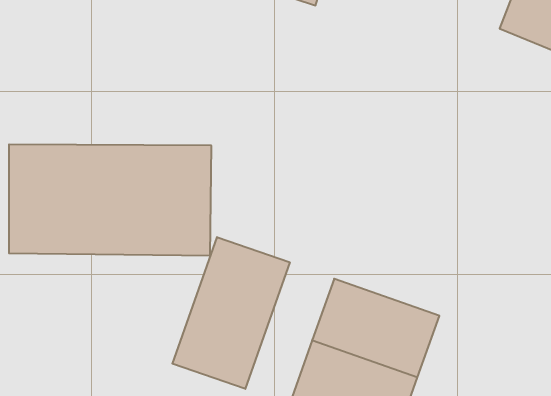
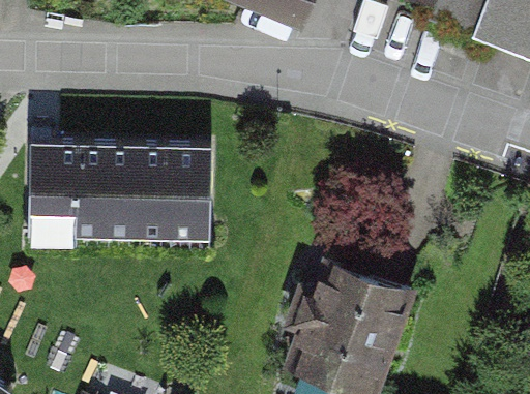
building: [172,237,290,389] -> none

